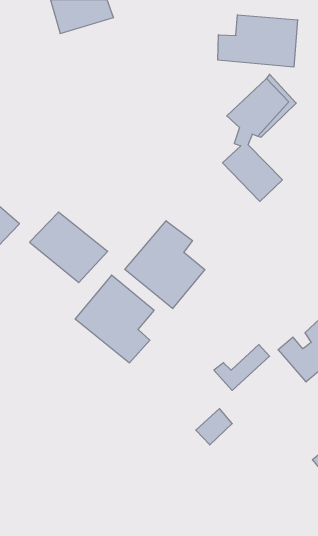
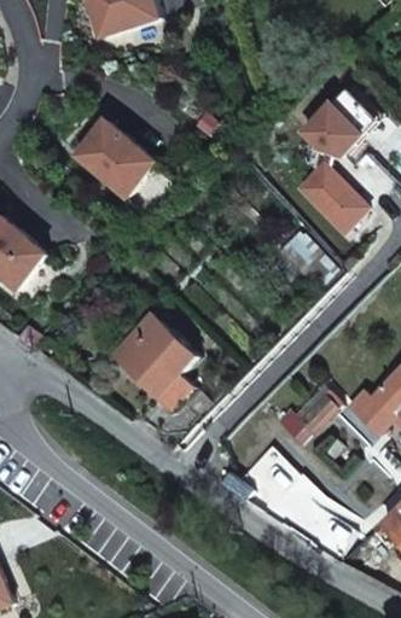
building: [218,15,298,67] -> none
building: [30,212,108,283] -> [72,116,161,196]
building: [125,221,205,309] -> none

